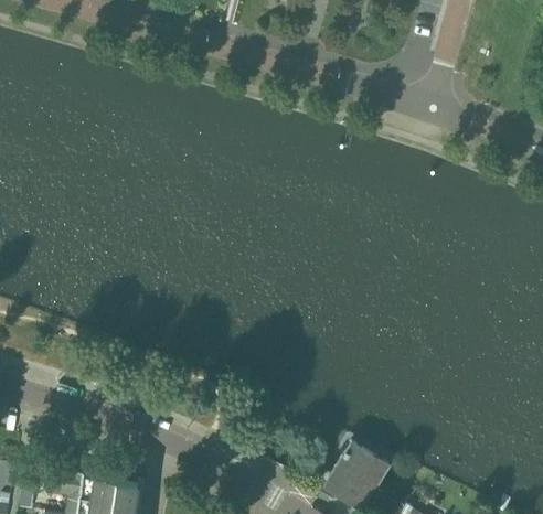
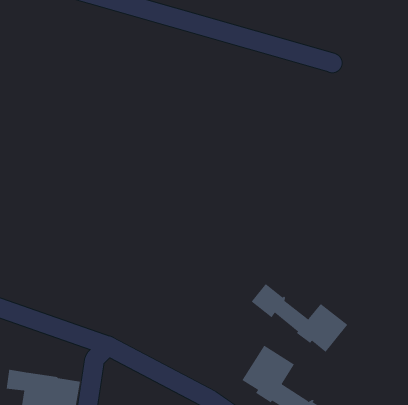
building: none -> [251,283,348,355]

